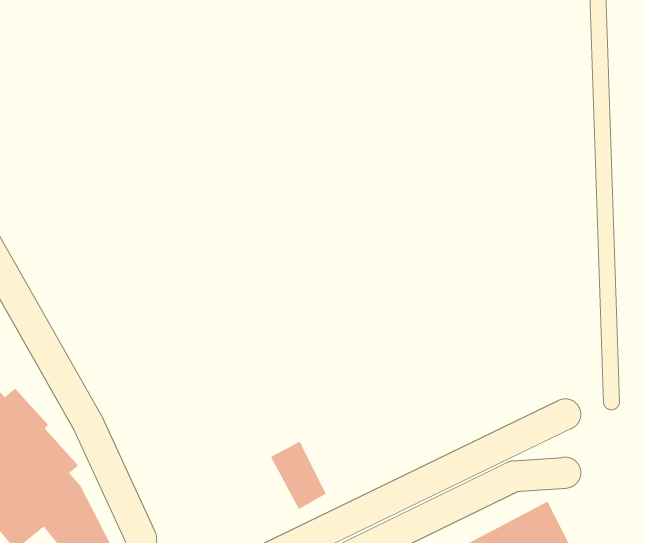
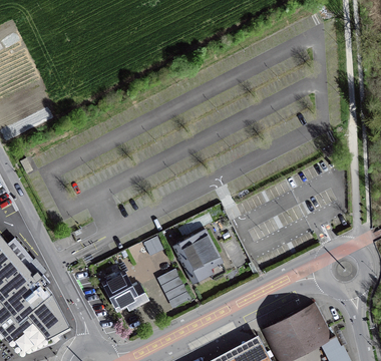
building: none -> [170,231,219,285]
building: none -> [101,274,145,309]

